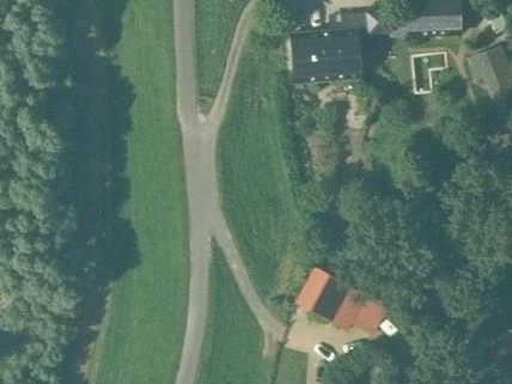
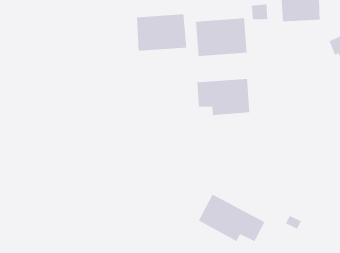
building: none -> [136,14,187,52]
building: none -> [196,78,250,116]

